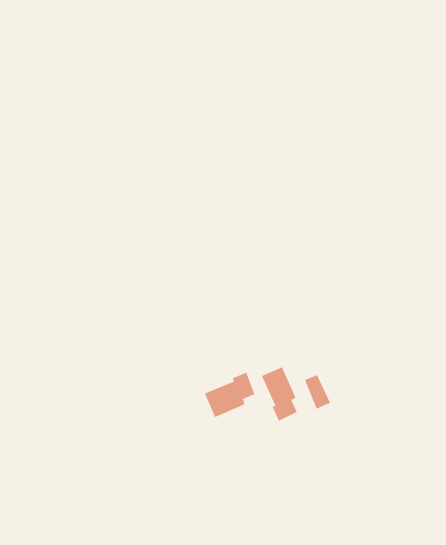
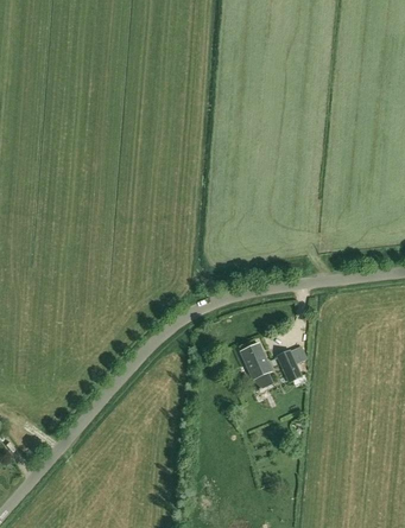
building: [204,372,255,418] -> none

